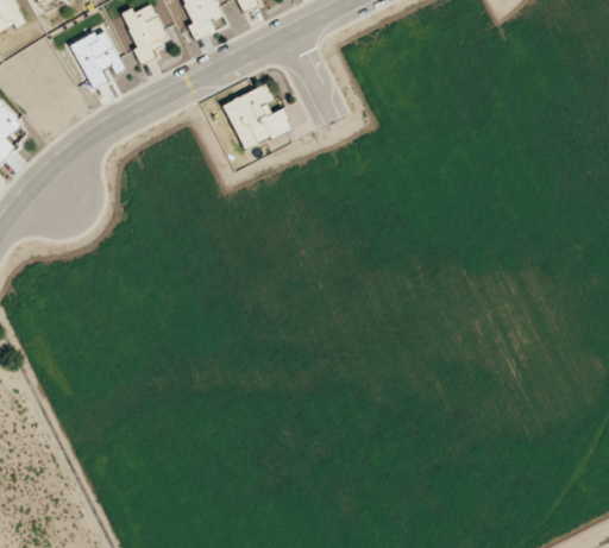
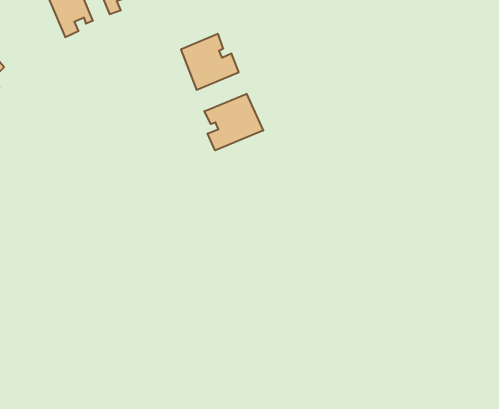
building: none -> [204,94,263,150]

